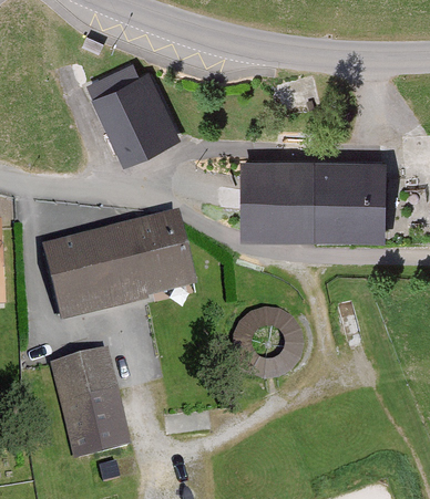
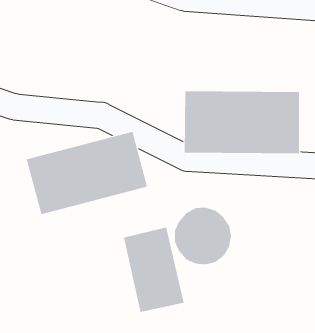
building: [88,63,180,160] -> none
building: [50,350,127,458] -> [123,227,184,313]

